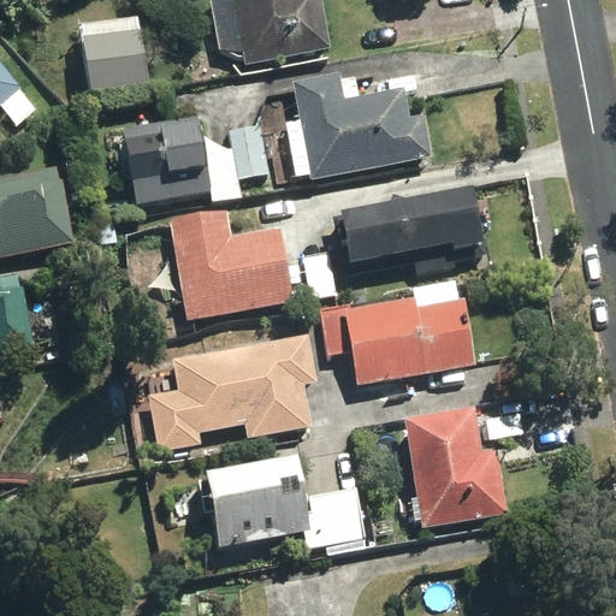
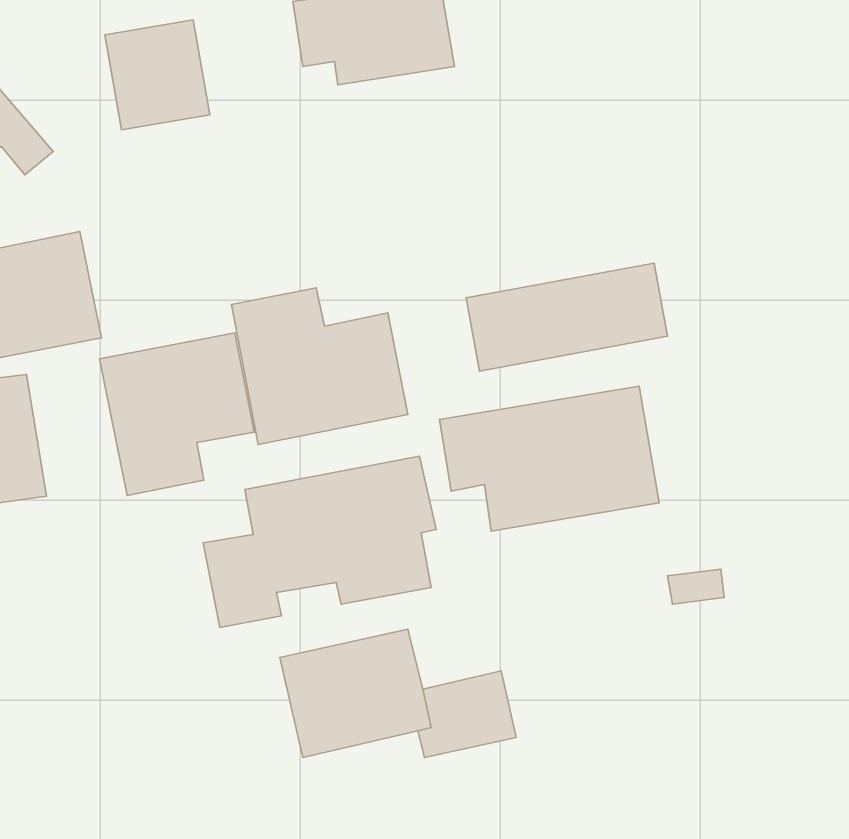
building: [288,70,428,178] -> none
building: [124,116,268,203] -> none
building: none -> [100,333,254,495]
building: [404,411,507,526] -> none

